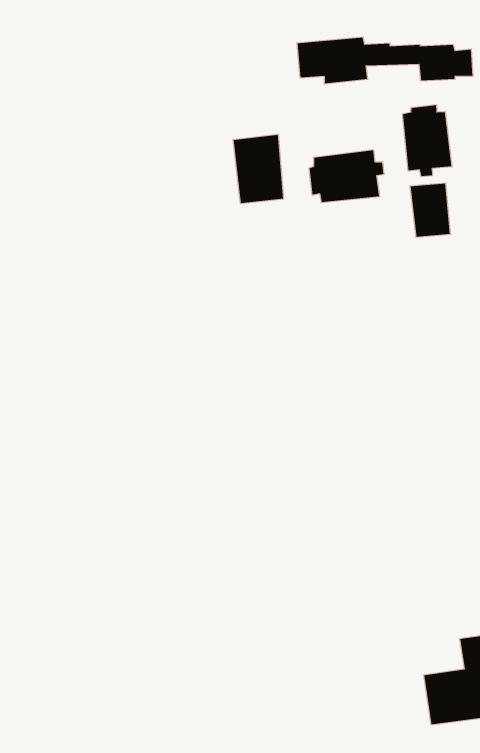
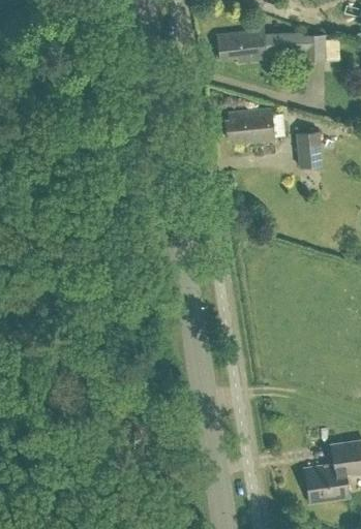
building: [403,105,452,177] -> none
building: [233,134,283,204] -> none

